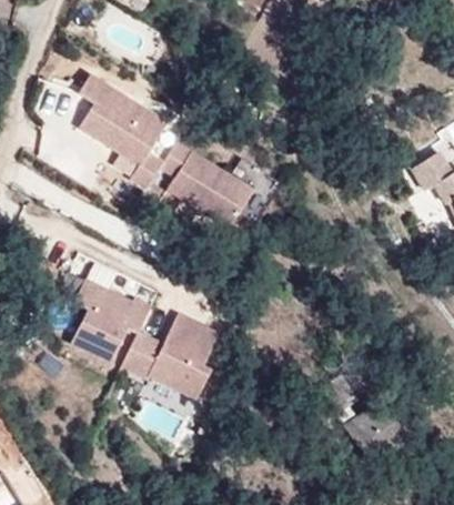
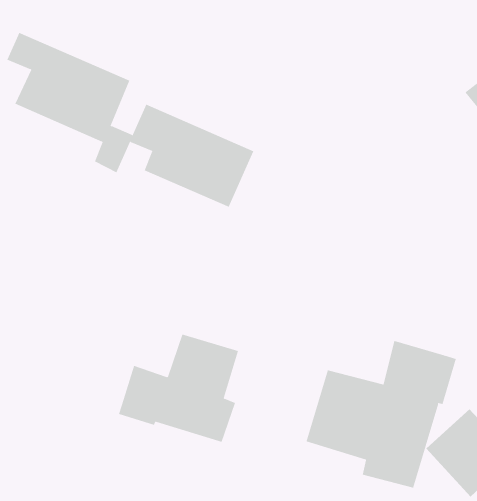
building: [71,279,151,362] -> none
building: none -> [306,340,457,488]

